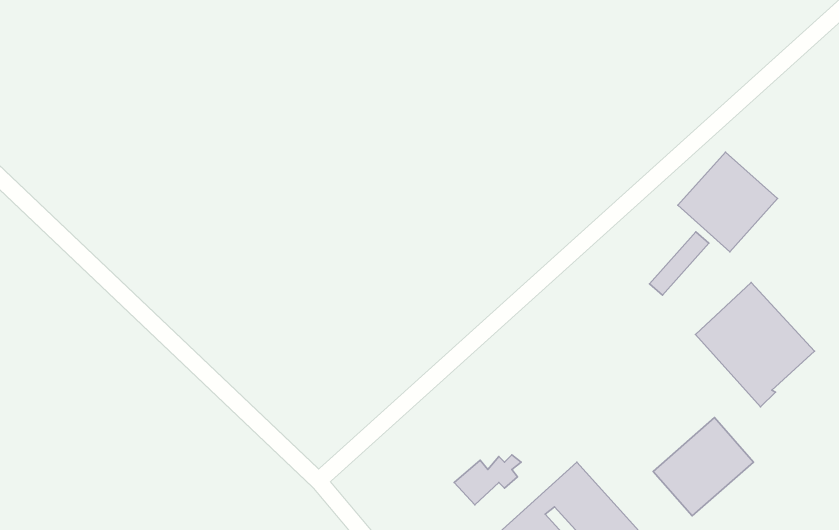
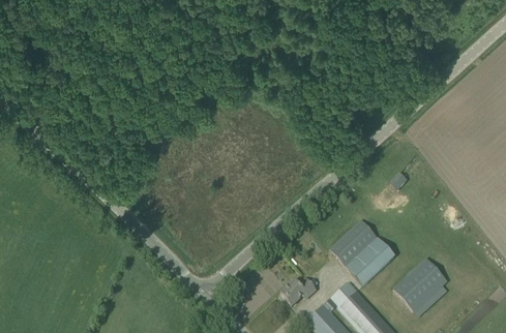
building: [678,152,777,252] -> none
building: [695,282,814,407] -> [330,220,396,290]

